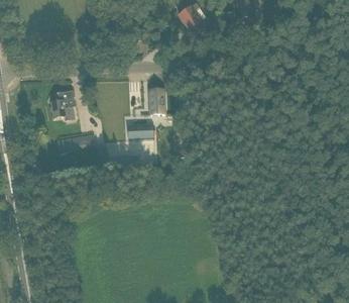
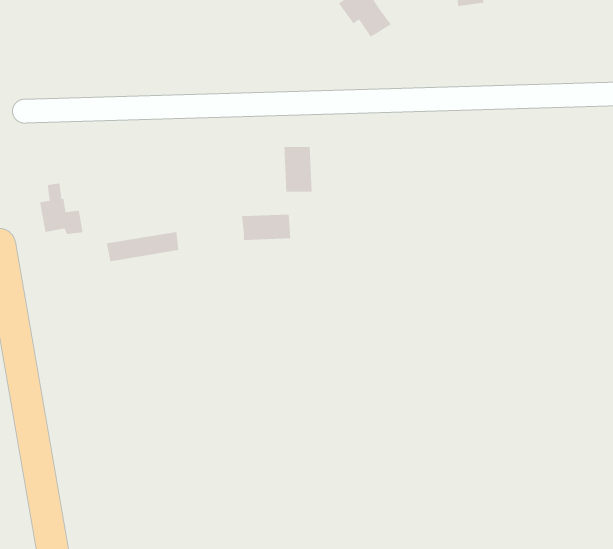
building: [50,92,74,119] -> [39,183,83,235]

